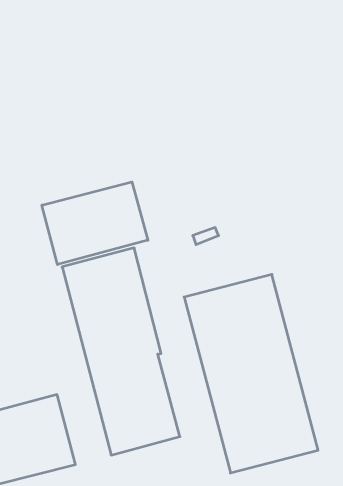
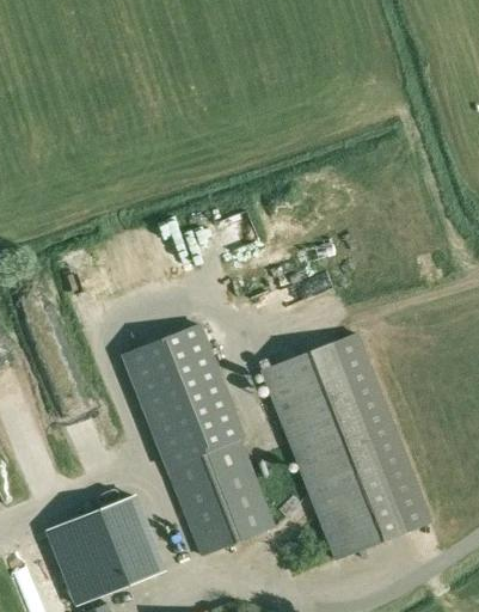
building: [42,182,148,265] -> none

